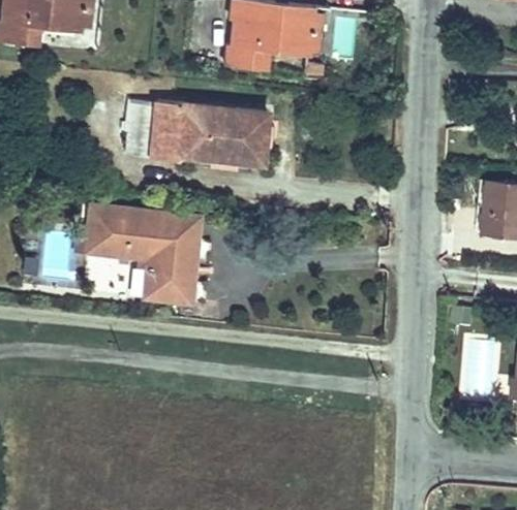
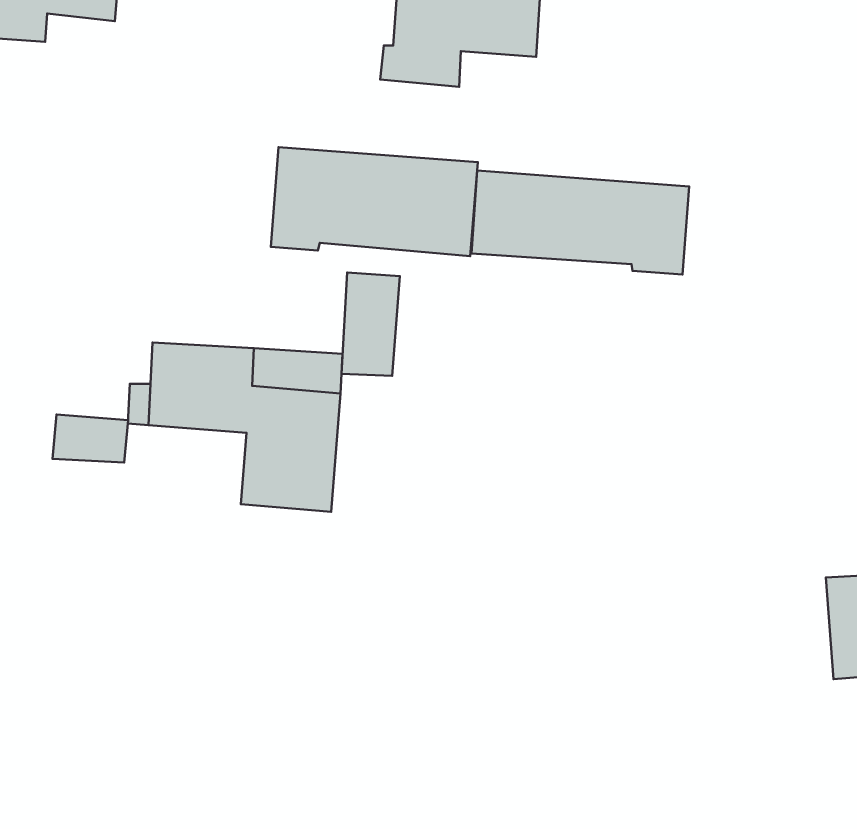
building: [133,101,165,158] -> [341,272,400,376]
building: none -> [471,170,689,274]
building: none -> [52,415,128,462]

